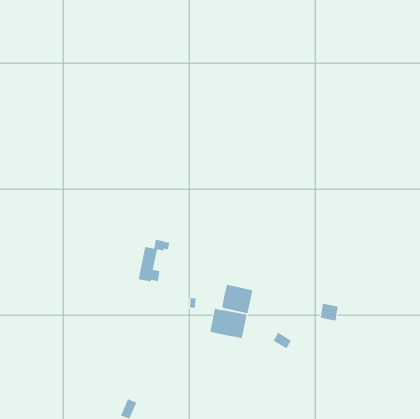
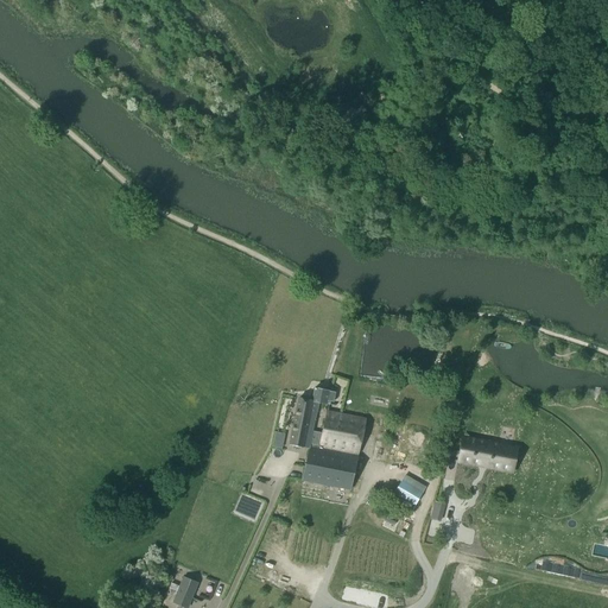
building: [138,239,170,282] -> [290,386,336,448]
building: none -> [486,443,514,469]

